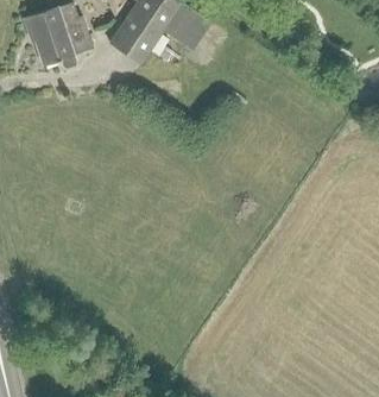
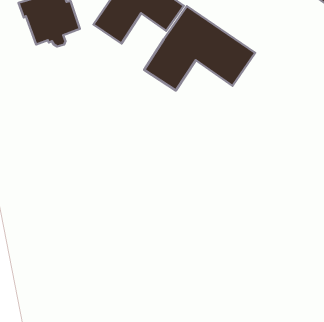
building: none -> [144,6,255,91]

